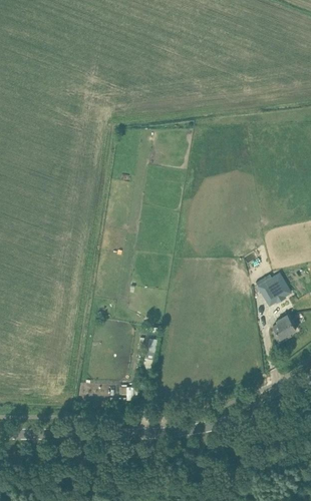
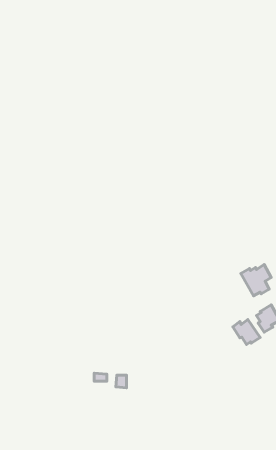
building: none -> [233,319,260,344]

